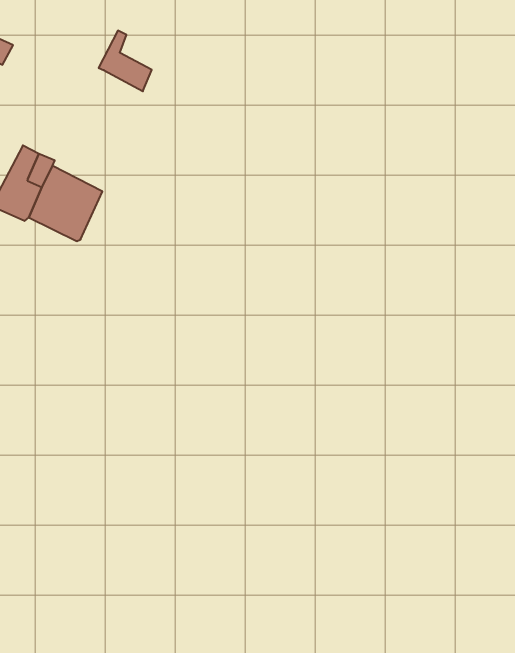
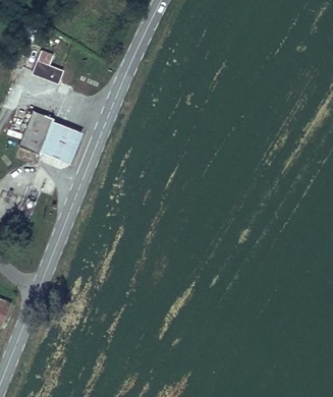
building: [99,31,152,91] -> [34,51,63,83]

